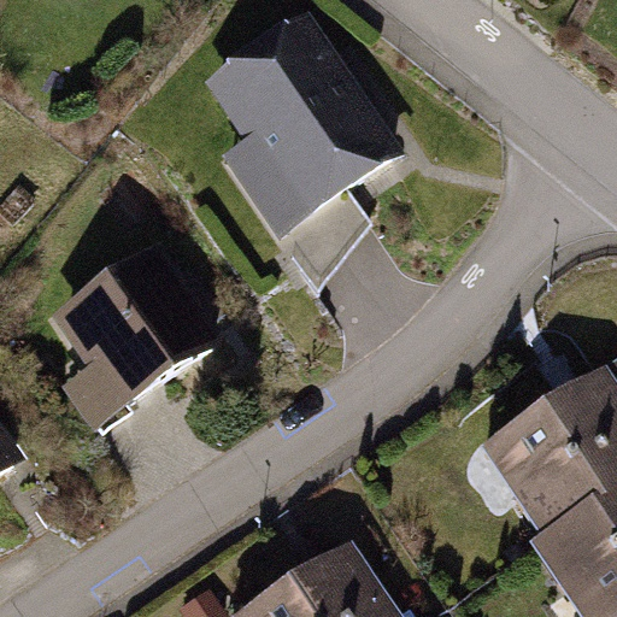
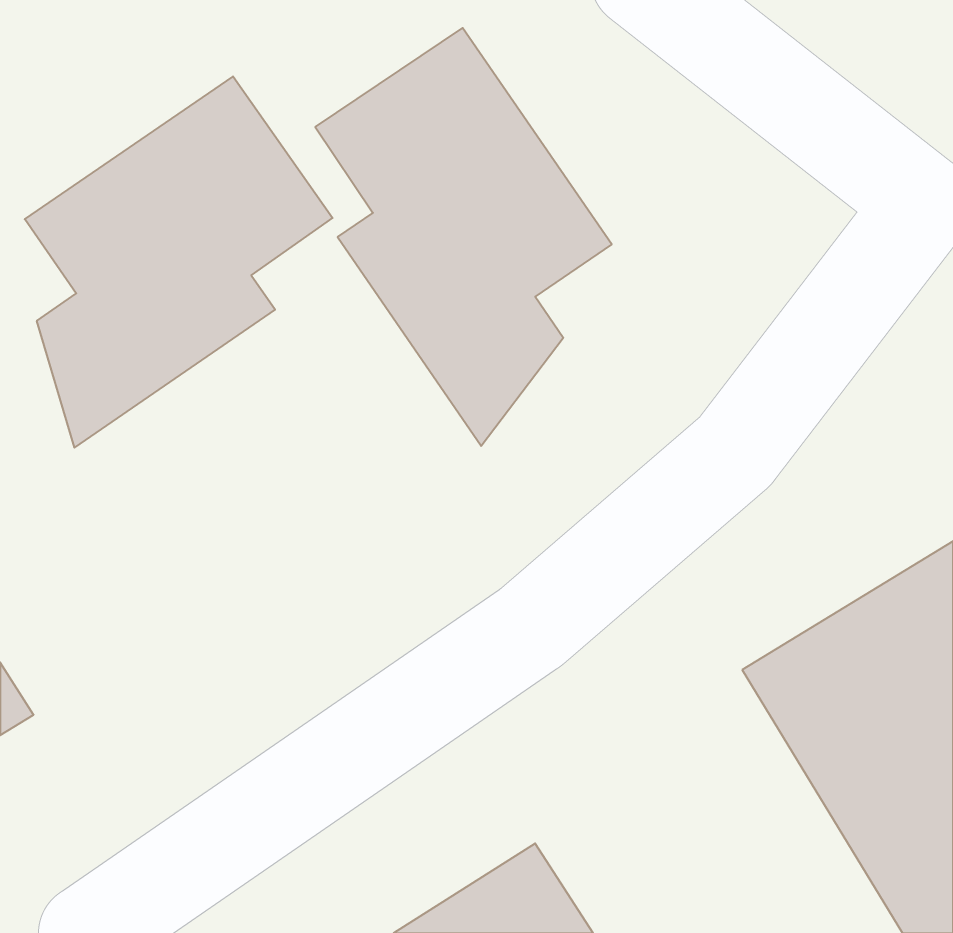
building: none -> [25,76,333,448]
building: [57,245,228,412] -> none

